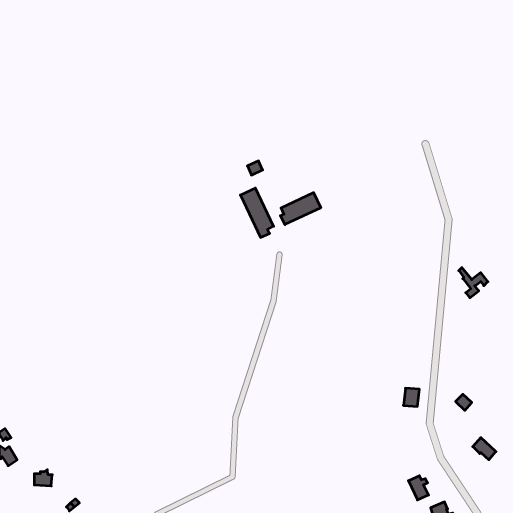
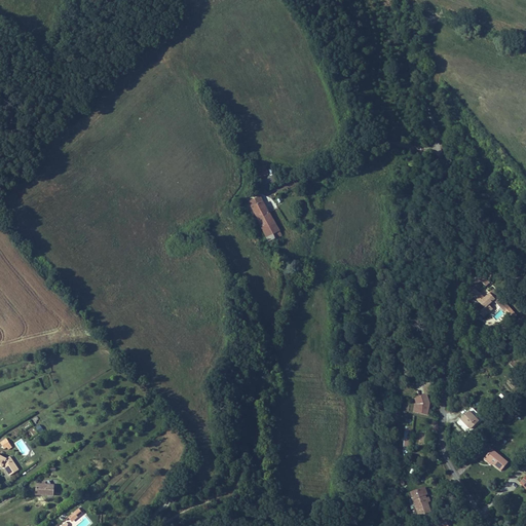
building: [280,193,321,225] -> none

